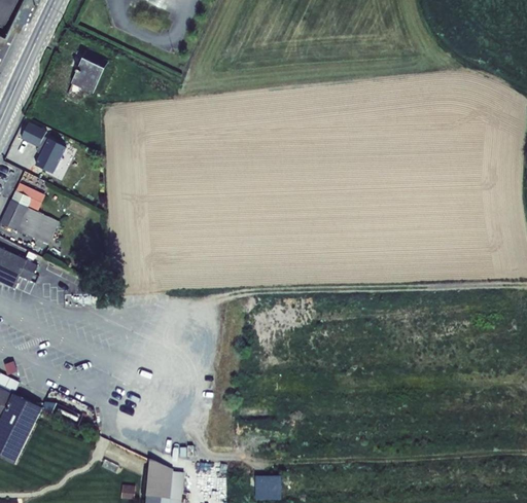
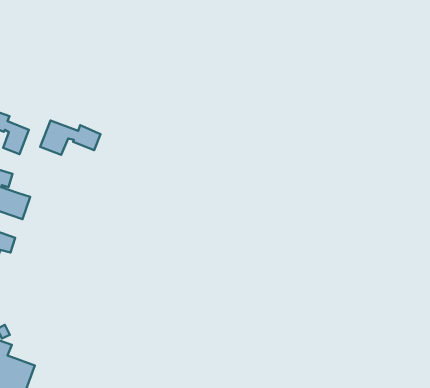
building: [70,50,107,94] -> none
building: none -> [40,120,100,155]

